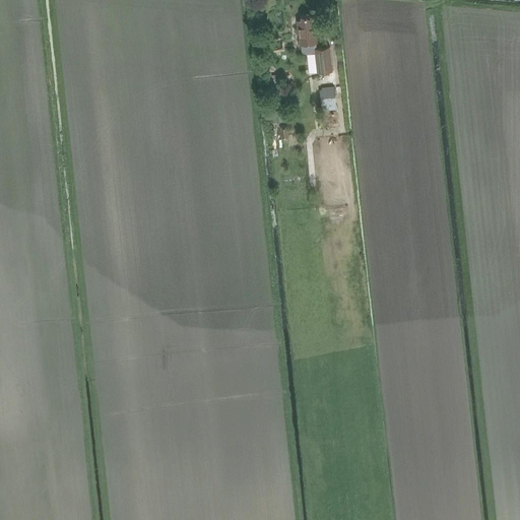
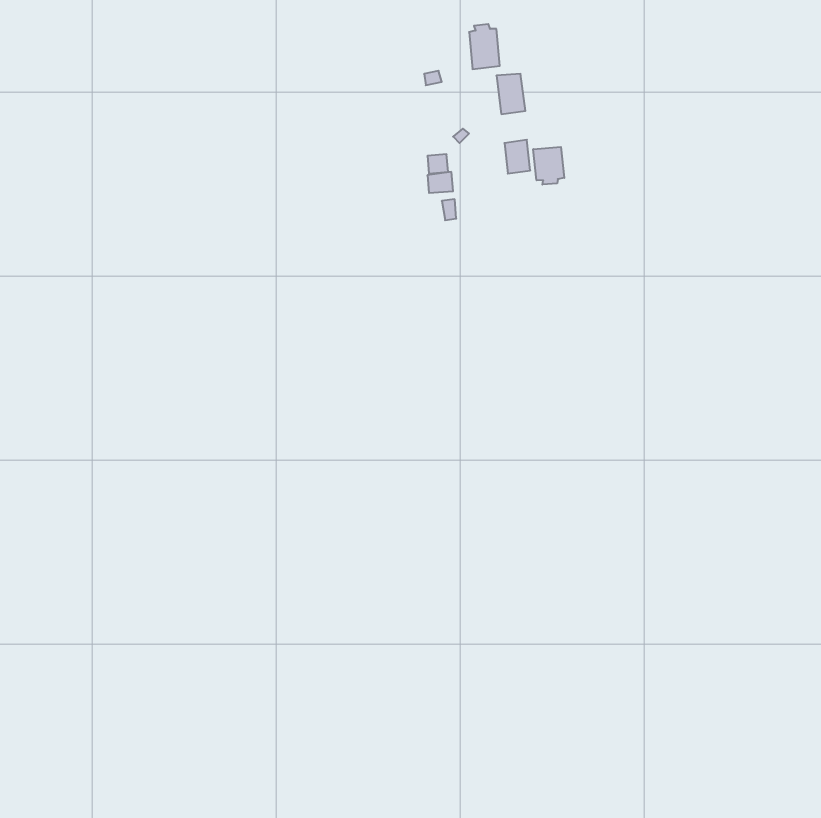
building: none -> [533,147,564,185]

